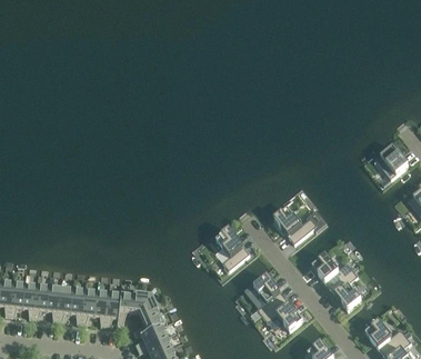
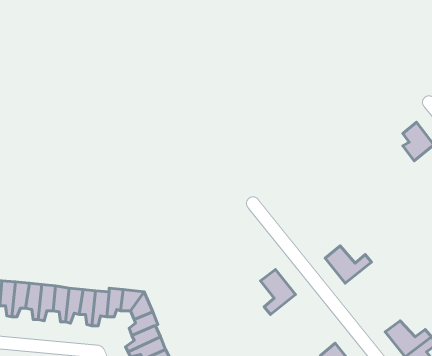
building: [273,208,317,243] -> none
building: [215,228,249,270] -> none
building: [329,269,360,310] -> none
building: [262,298,302,330] -> none

